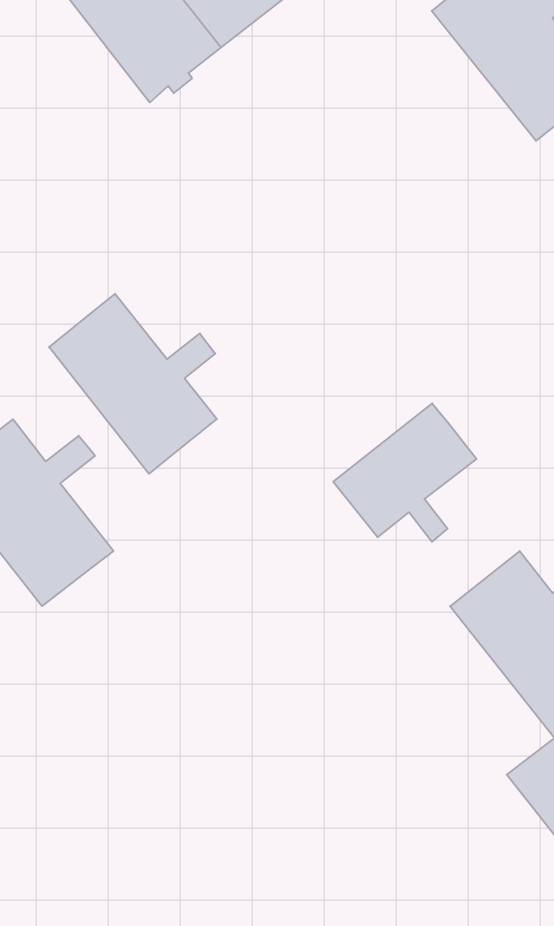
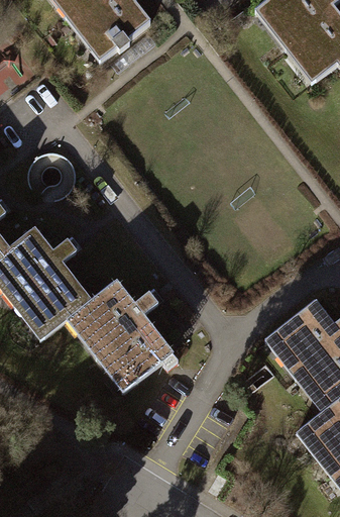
building: [49,294,217,474] -> none
building: [333,403,476,542] -> none
building: none -> [70,287,164,390]

